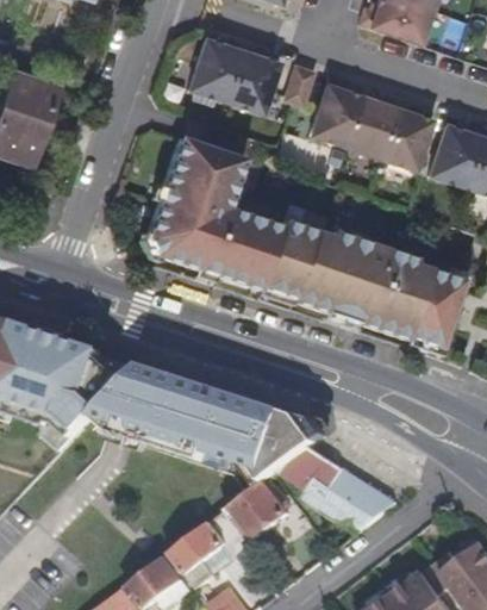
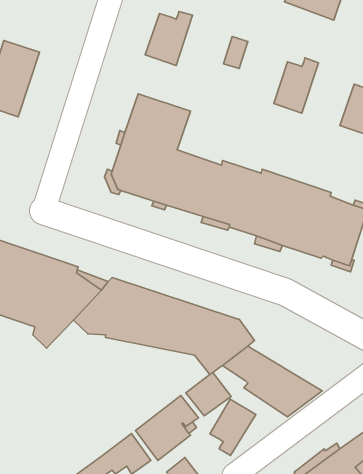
building: [226,41,280,114] -> none
building: [310,74,363,149] -> none
building: [381,99,432,173] -> none
building: none -> [210,399,256,455]

